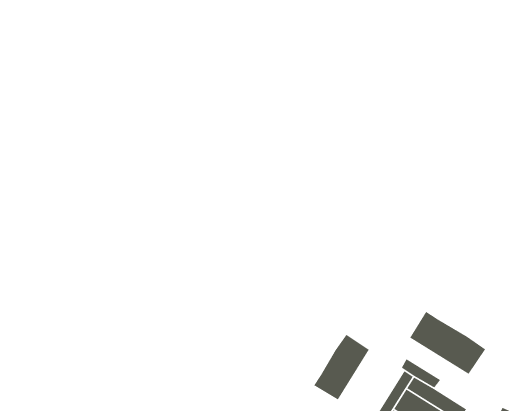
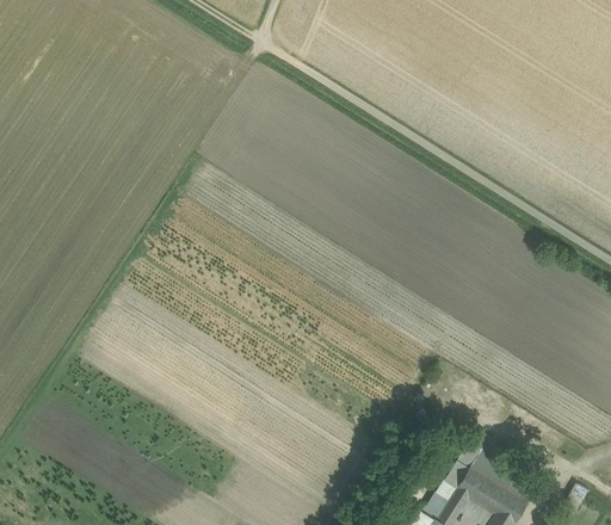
building: [409,311,486,375] -> none
building: [313,334,370,401] -> none

